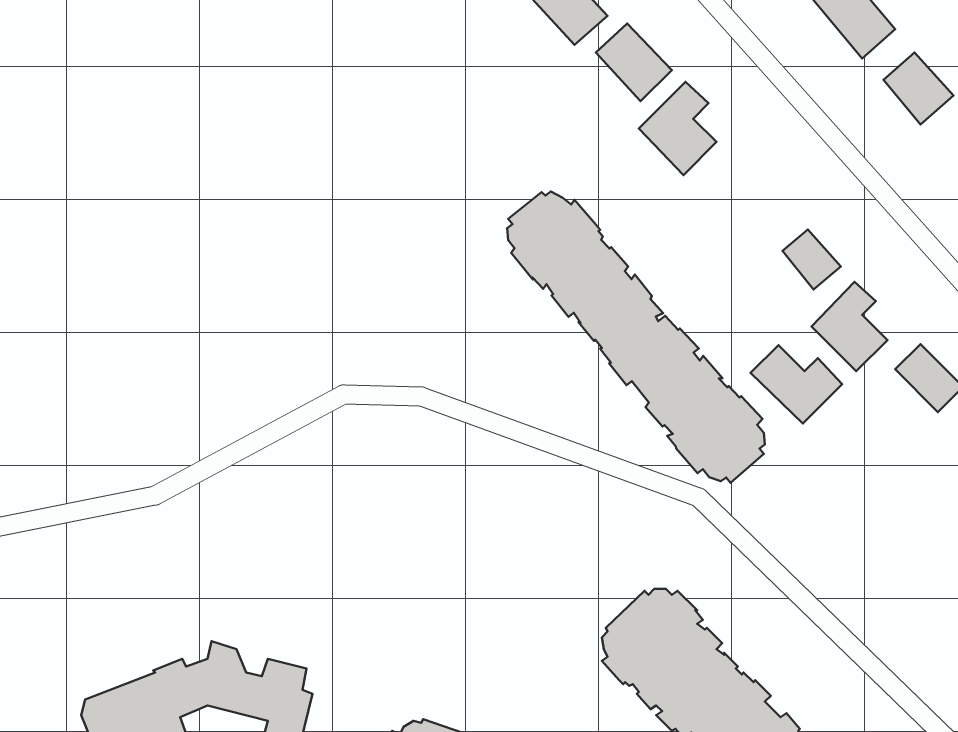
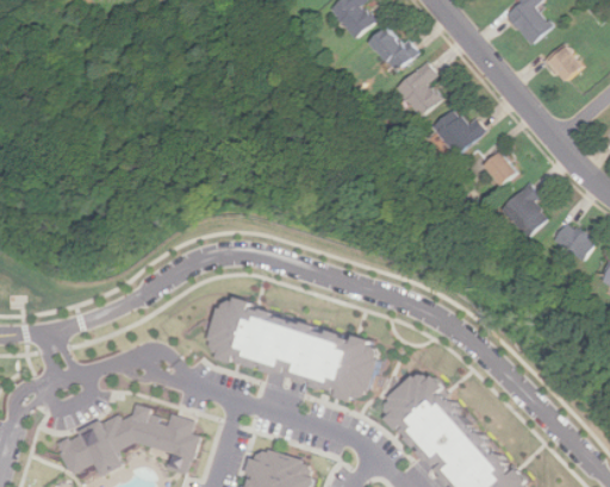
building: none -> [435,107,487,157]
building: [507,192,765,483] -> none
building: [751,345,842,423] -> none
building: none -> [201,294,372,402]

